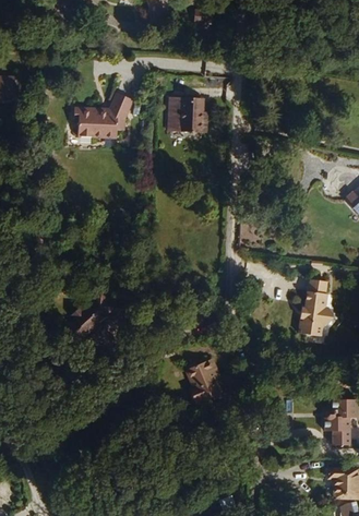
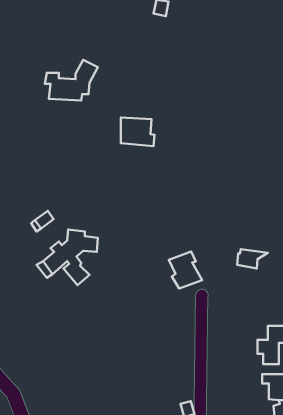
building: [167,99,206,133] -> [121,117,154,146]
building: [302,279,334,319] -> none
building: [186,357,225,400] -> [169,251,202,289]

